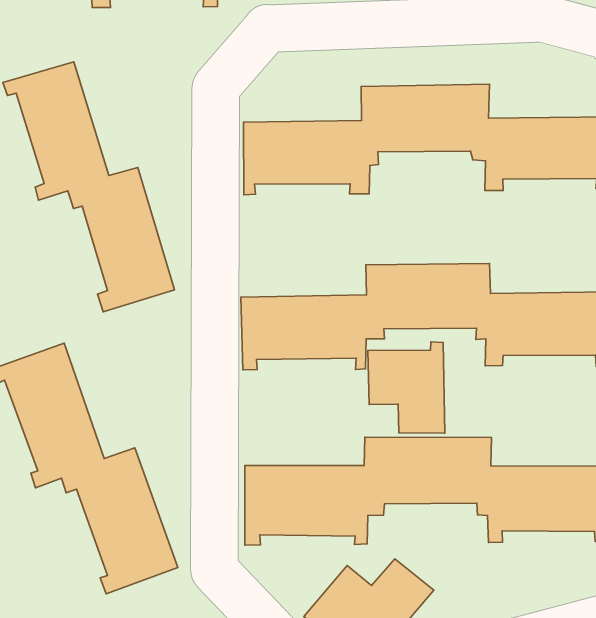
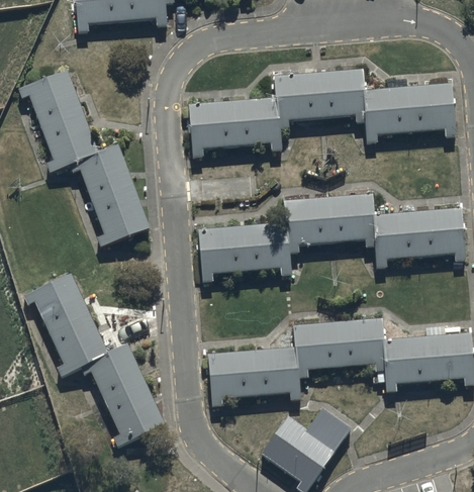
building: [368,342,445,433] -> none

